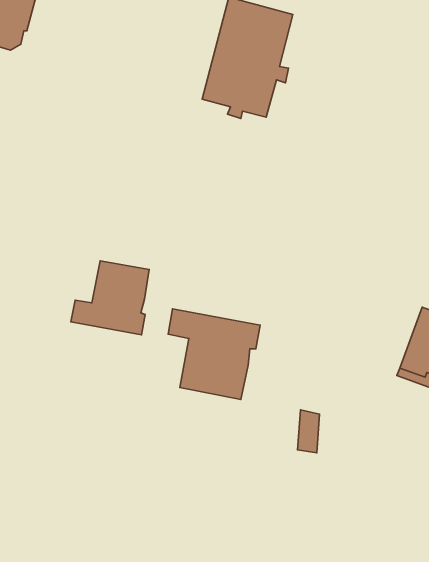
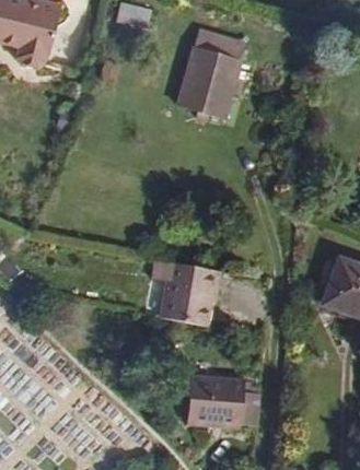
building: [71,261,149,335] -> none
building: none -> [187,375,259,426]

